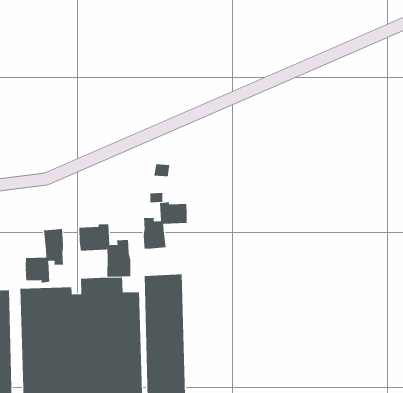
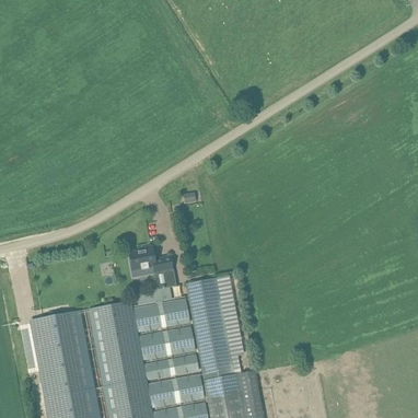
building: [143,201,187,250] -> none
building: [25,228,64,283] -> none

